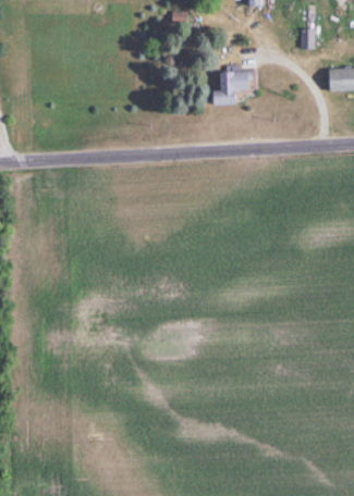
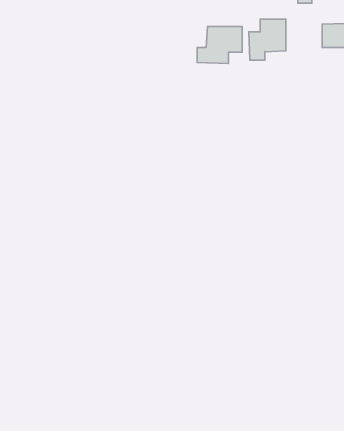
building: none -> [249,19,286,60]

